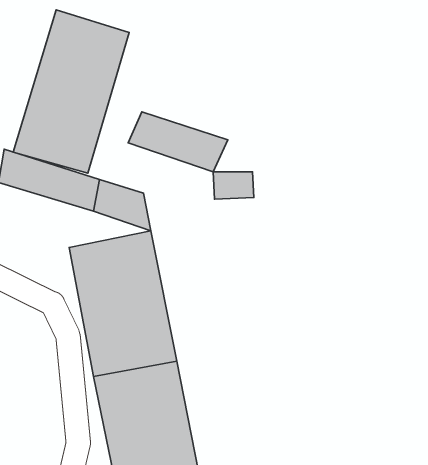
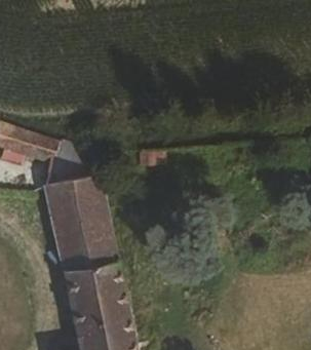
building: [13,10,129,173] -> none
building: [128,112,228,172] -> none

